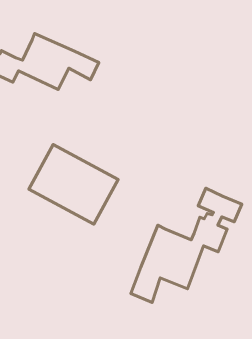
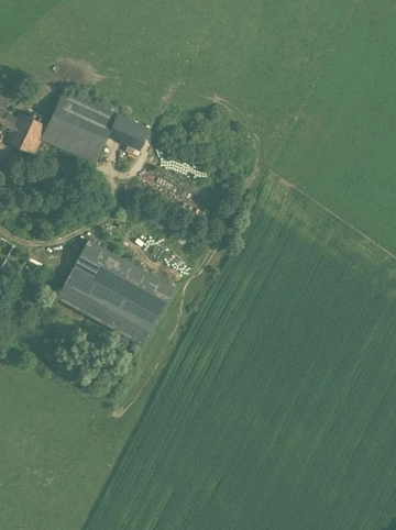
building: [131,188,242,302] -> none

